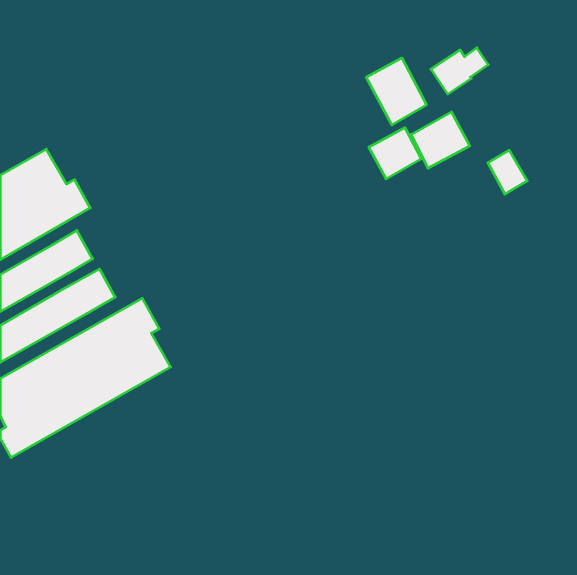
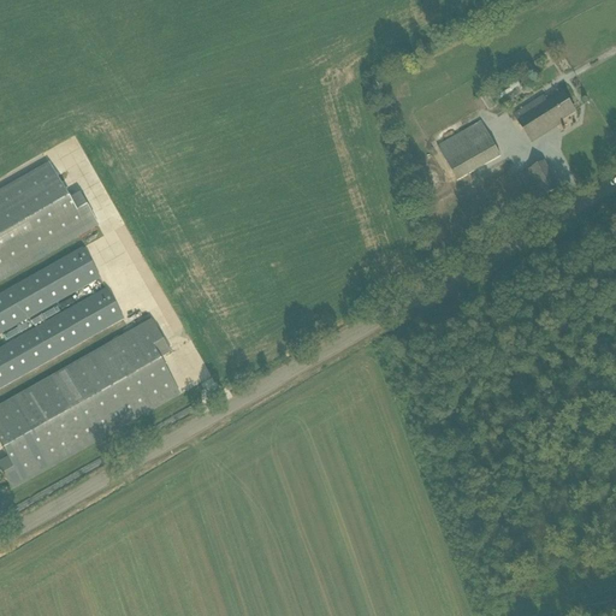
building: [431,48,488,94] -> [514,91,575,141]
building: [366,58,426,125] -> none
building: [369,128,421,179] -> none

